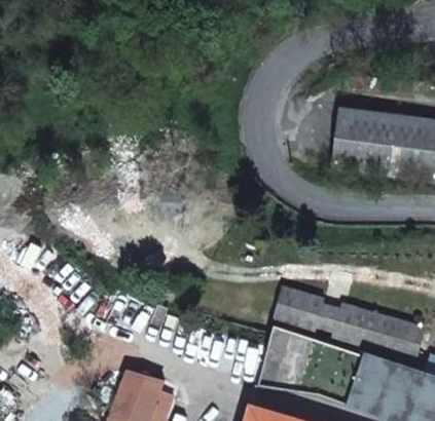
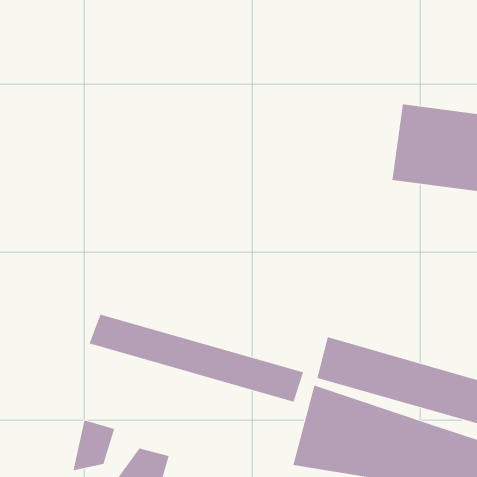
building: none -> [89,314,304,403]
building: none -> [73,420,115,471]

